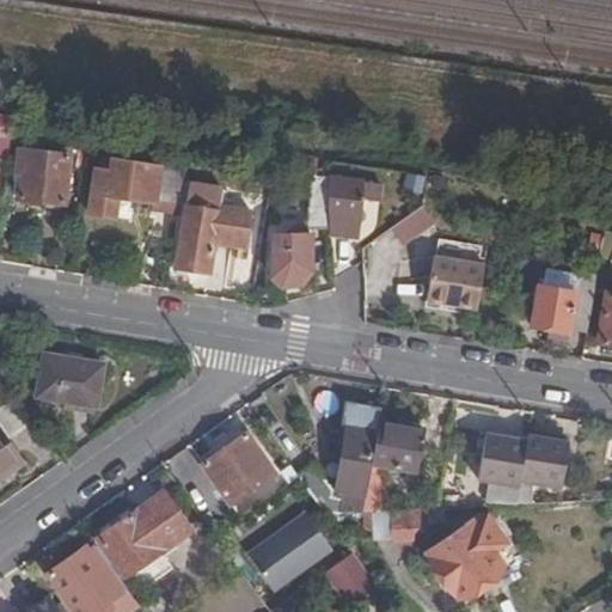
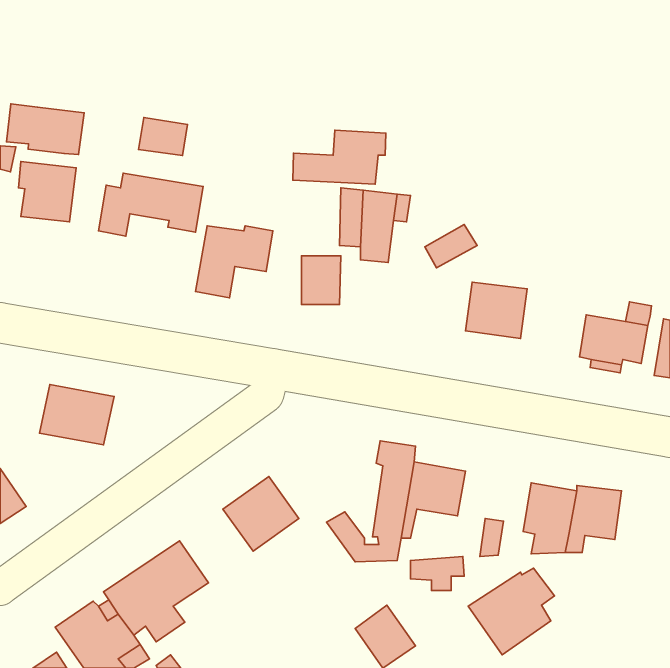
building: none -> [6,104,84,155]
building: none -> [138,117,188,156]
building: none -> [293,130,386,184]
building: [247,512,330,588] -> none

